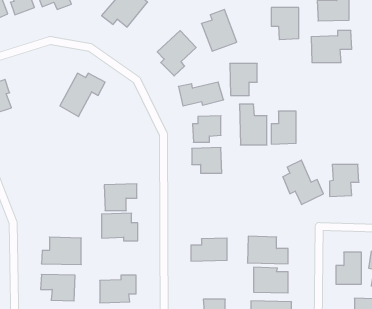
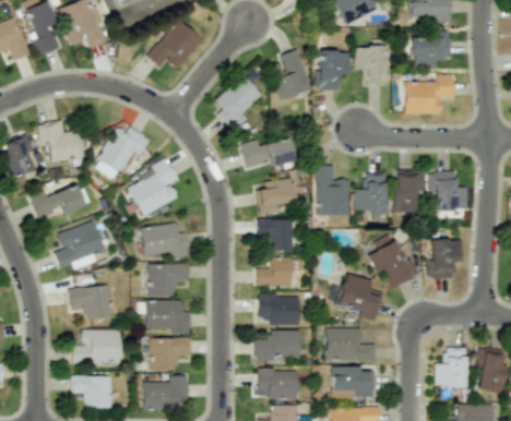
building: [230,64,257,95] -> [317,51,350,91]
building: none -> [38,121,83,163]
building: none -> [128,158,178,217]
building: none -> [392,170,424,214]
building: none -> [428,171,467,212]
building: none -> [28,184,91,219]
building: none -> [54,221,105,268]
building: none -> [140,222,190,260]
building: none -> [256,258,302,286]
building: none -> [336,274,383,322]
building: none -> [69,286,112,320]
building: none -> [259,296,300,325]
building: none -> [150,338,191,371]
building: none -> [257,370,298,400]

